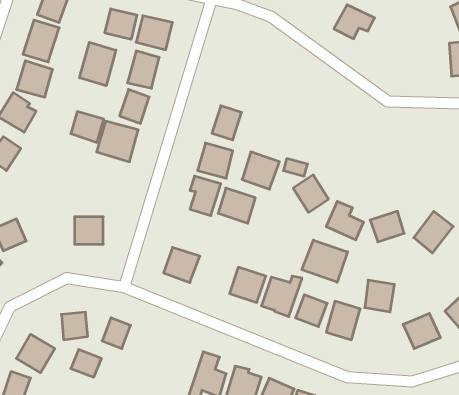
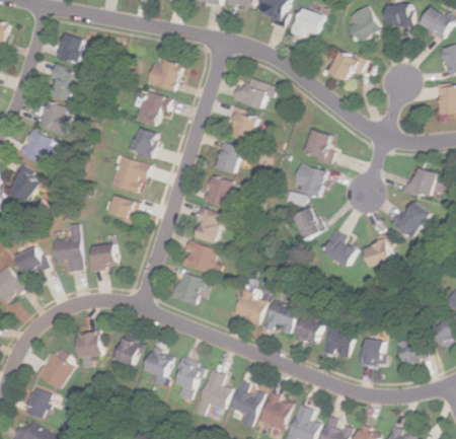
building: [105,9,137,39] -> none
building: none -> [233,77,271,108]
building: [80,42,116,86] -> none
building: none -> [232,112,259,141]
building: none -> [304,129,336,163]
building: [71,112,104,142] -> [108,195,139,223]
building: none -> [402,167,439,200]
building: [242,152,279,189] -> [291,163,325,198]
building: [218,188,255,223] -> [181,241,216,274]
building: none -> [53,224,81,272]
building: [414,211,453,253] -> [394,200,431,238]
building: [302,240,348,282] -> none
building: [365,280,394,312] -> [359,338,386,367]
building: none -> [173,361,204,401]
building: [71,350,101,377] -> [144,352,172,377]

